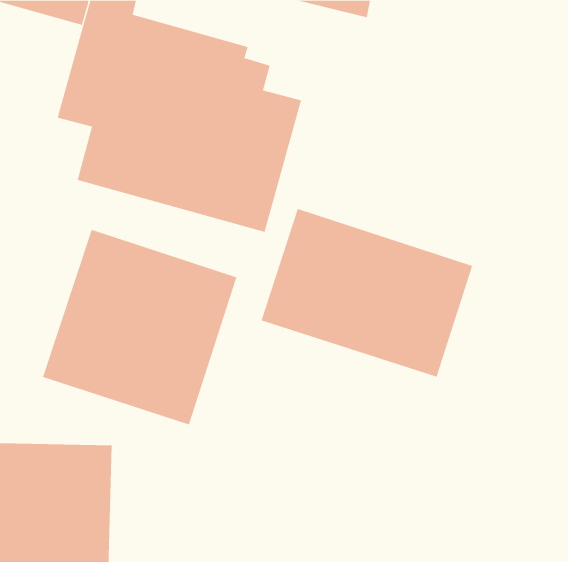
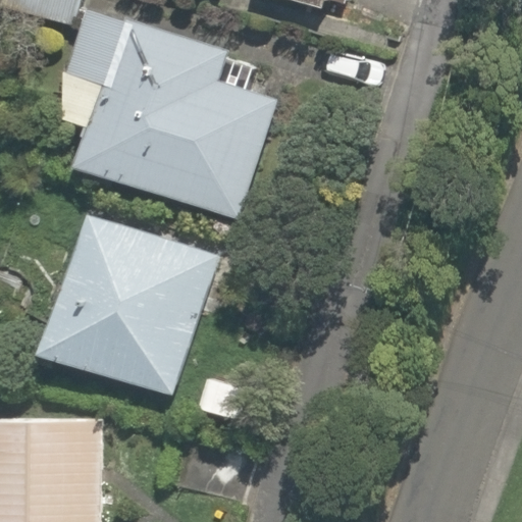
building: [261,208,473,377] -> none

